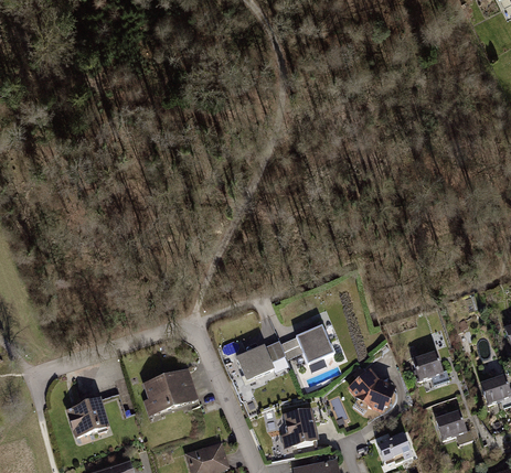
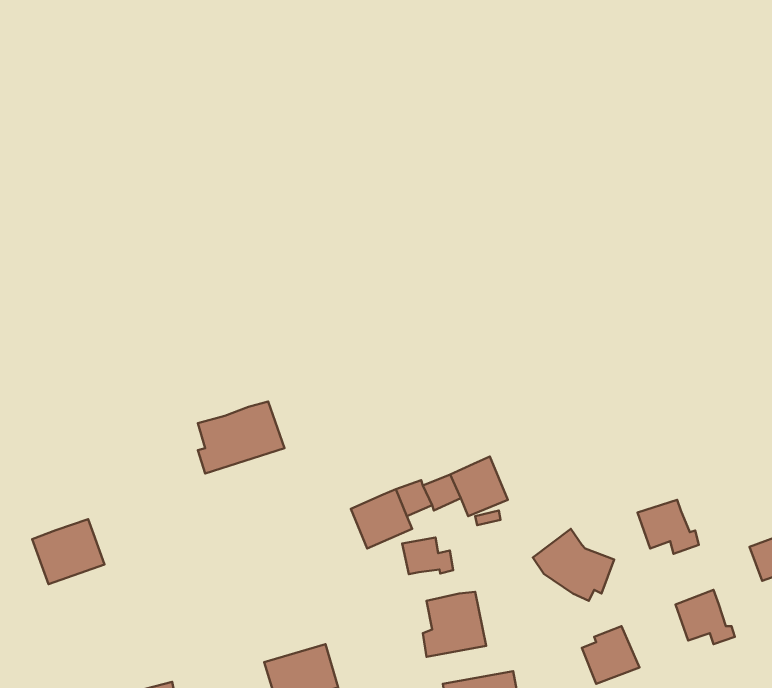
building: [143,370,196,415] -> [198,401,284,474]
building: none -> [402,537,453,574]
building: [67,399,111,439] -> [32,519,104,584]

